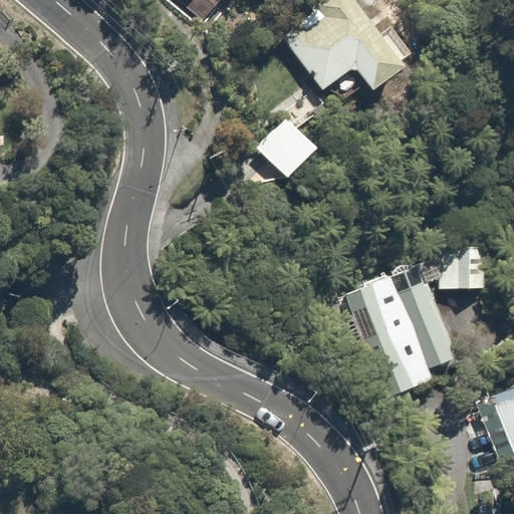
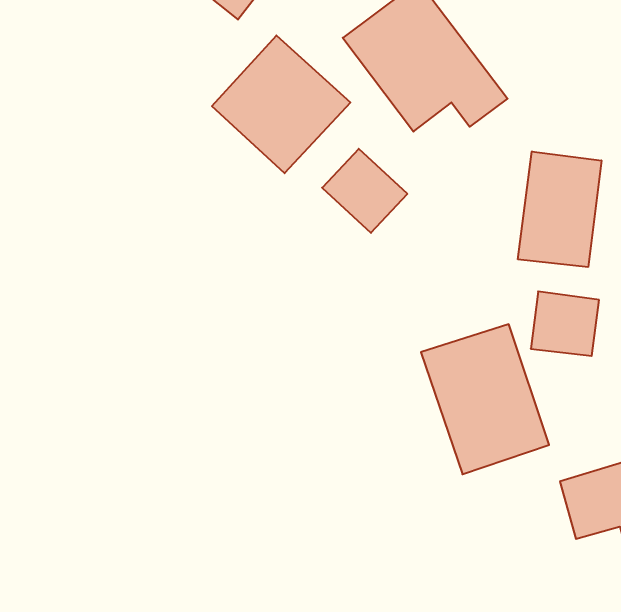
building: none -> [212,35,350,173]
building: none -> [518,151,601,267]

